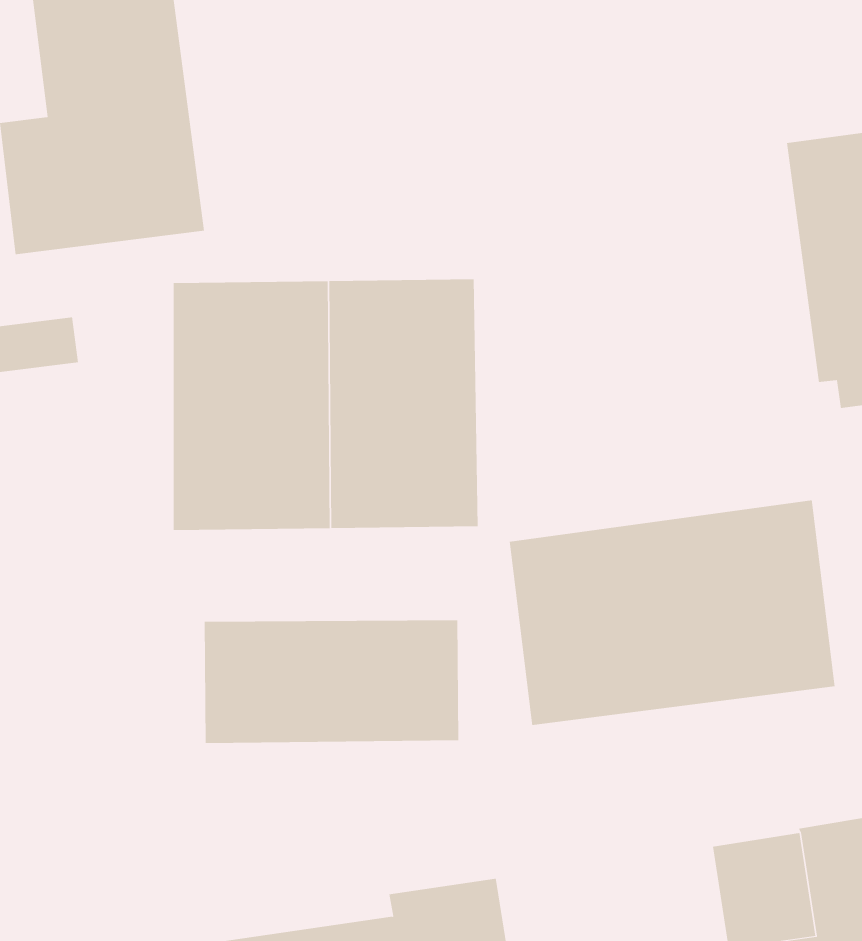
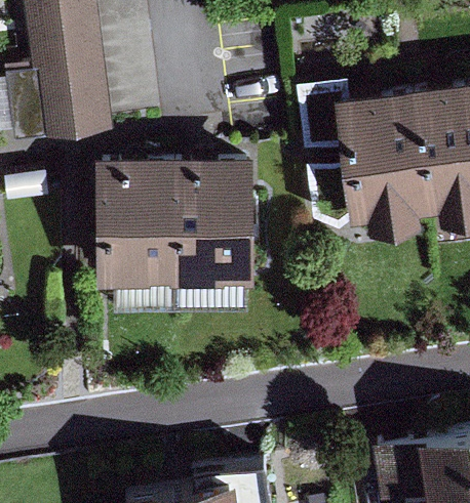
building: none -> [297,83,428,235]
building: [509,499,835,726] -> none
building: [204,620,459,744] -> none

